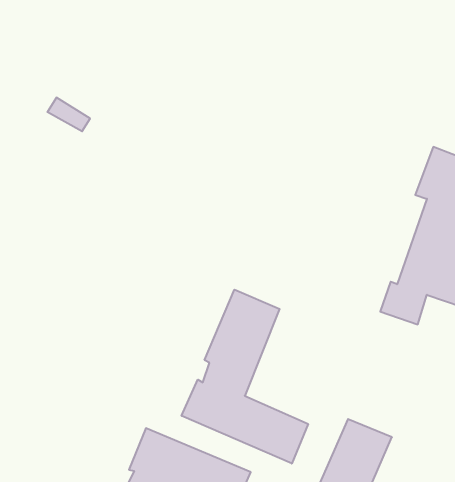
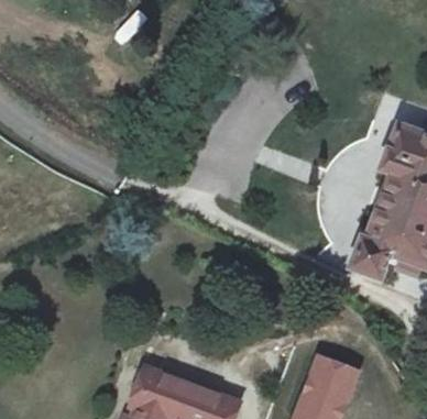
building: [182,290,308,464] -> none

